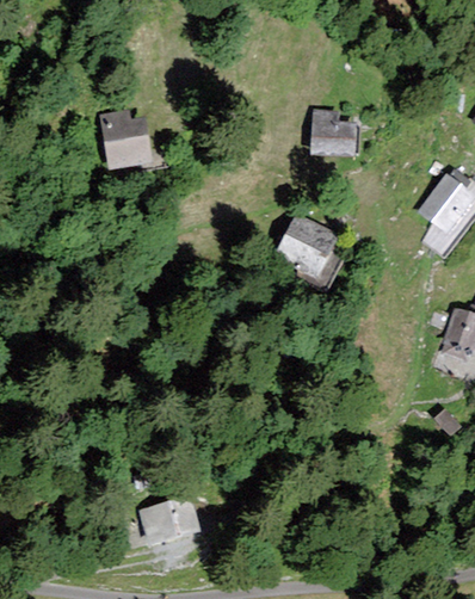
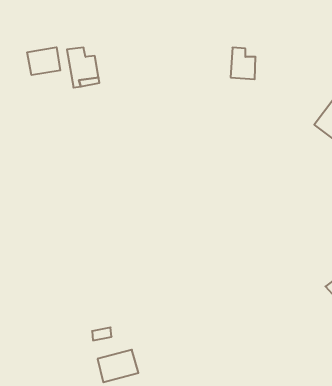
building: none -> [27,47,60,75]
building: [277,216,328,272] -> none

